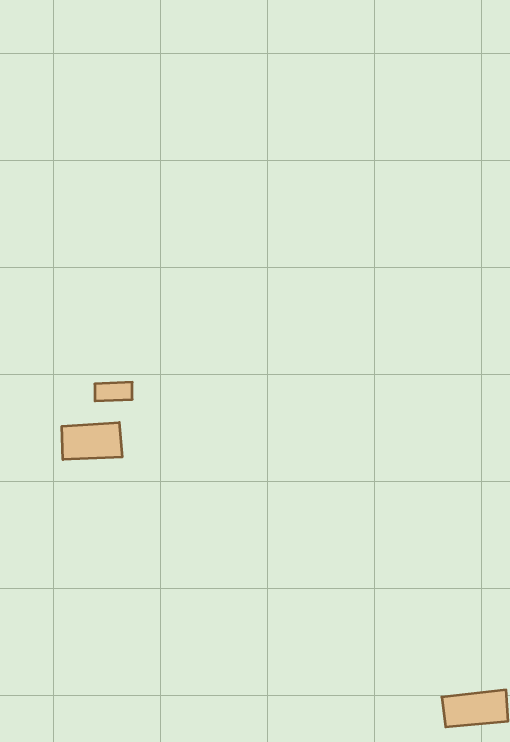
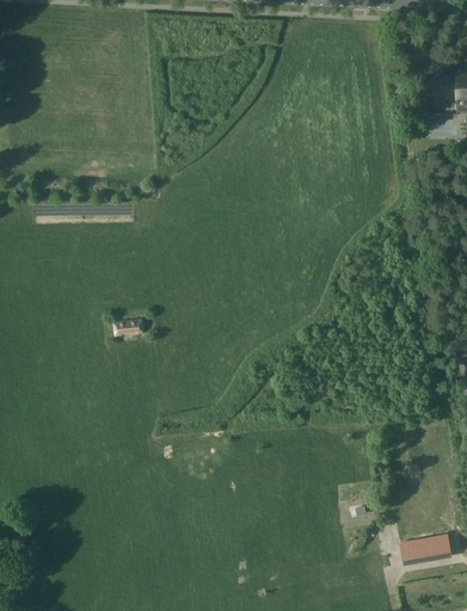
building: [62,422,122,460] -> none

